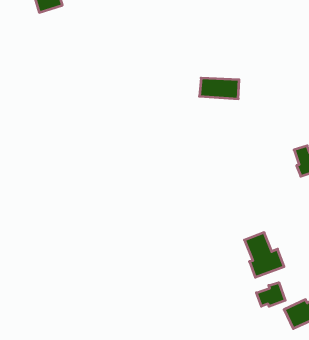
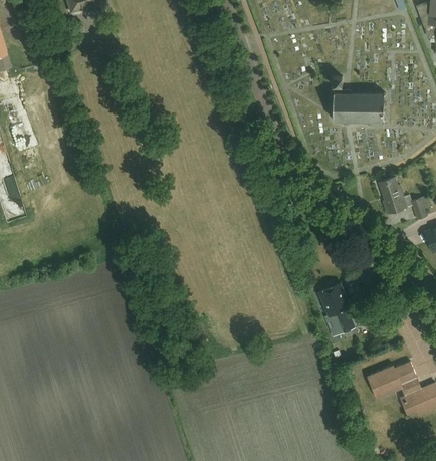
building: [199,78,239,99] -> [336,93,384,119]
building: [256,283,285,306] -> none

